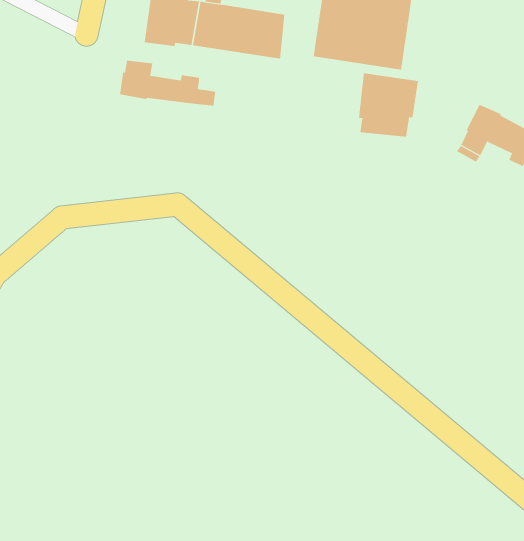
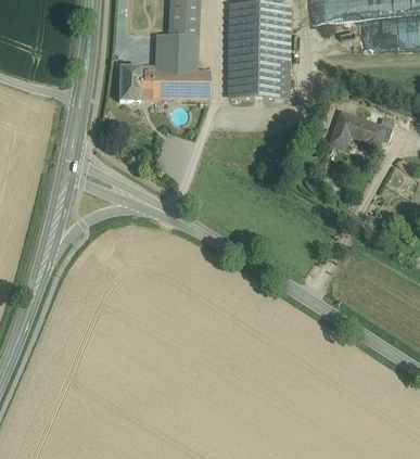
building: [120,60,216,106] -> none
building: [358,72,418,138] -> none

